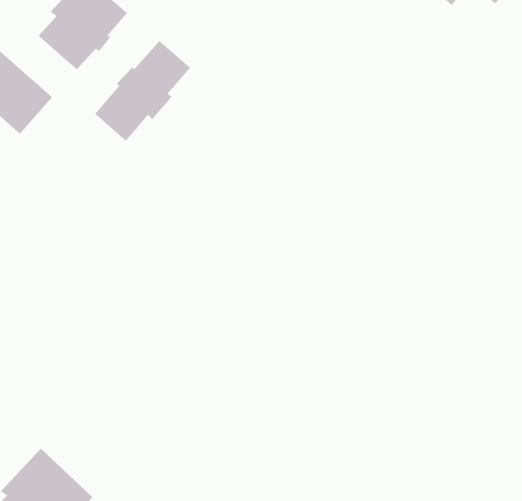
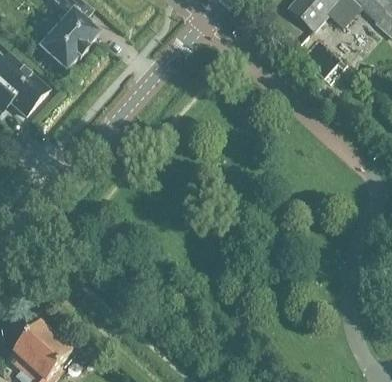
building: [95,40,191,141] -> none

